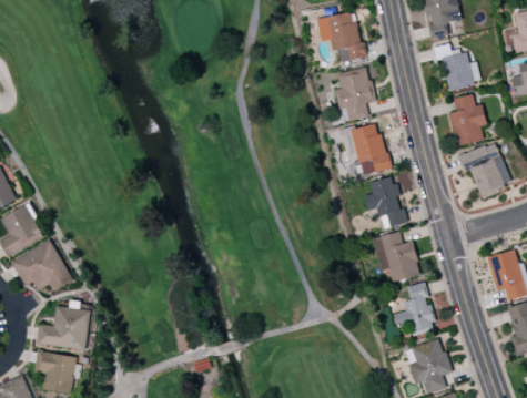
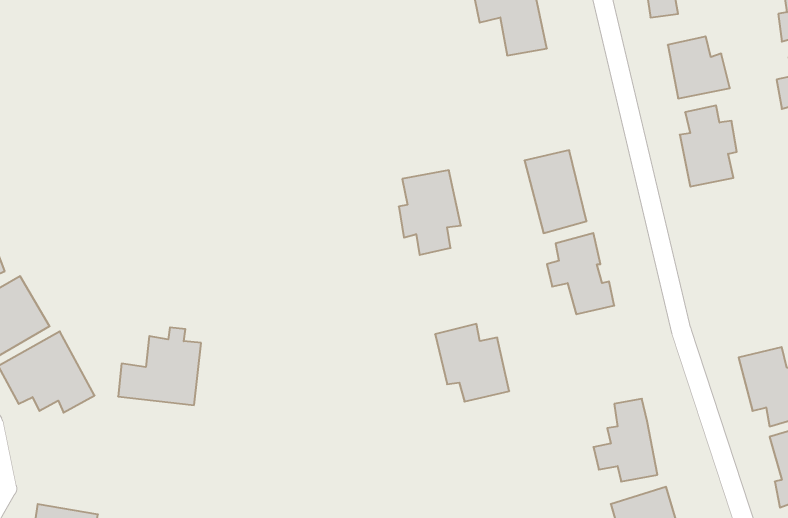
building: [335,67,375,121] -> [399,170,461,255]
building: [457,141,511,197] -> none
building: [373,232,420,282] -> [435,324,509,402]
building: [37,300,90,350] -> [118,327,201,405]

